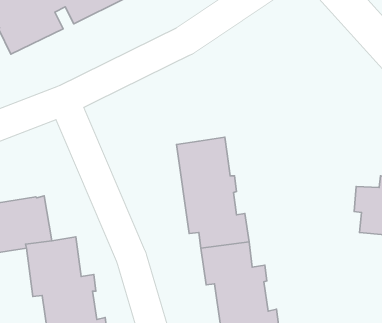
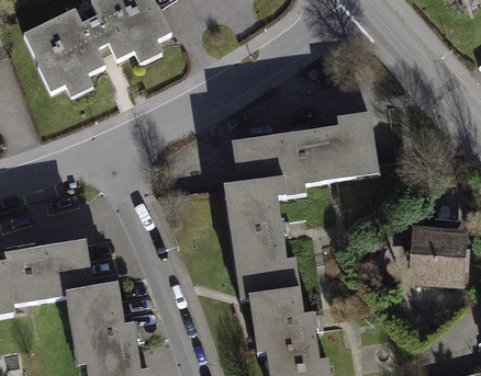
building: none -> [242,114,377,197]

